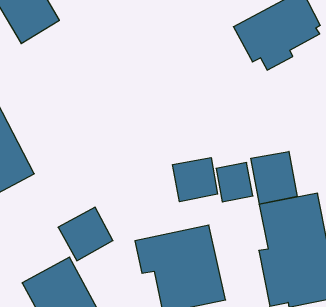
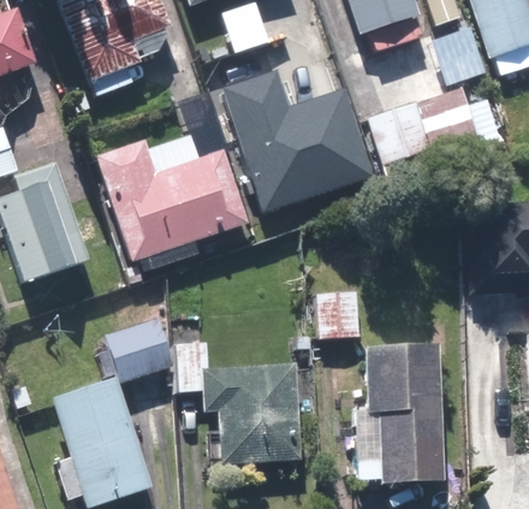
building: none -> [225,79,373,212]
building: none -> [99,134,251,265]
building: [251,151,297,204] -> none
building: [173,158,218,202] -> none

